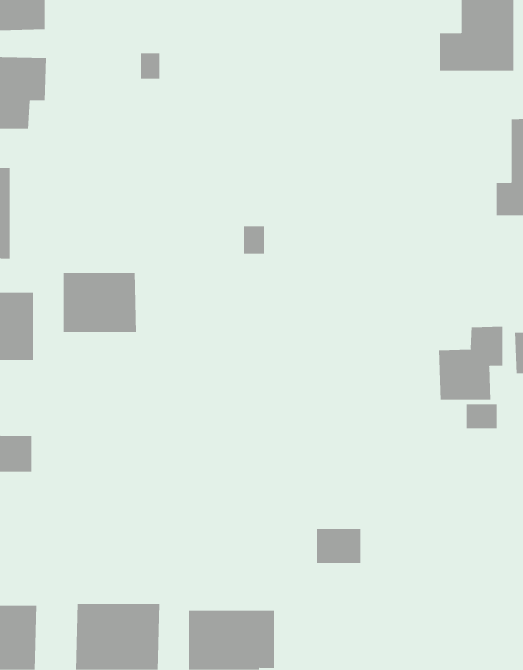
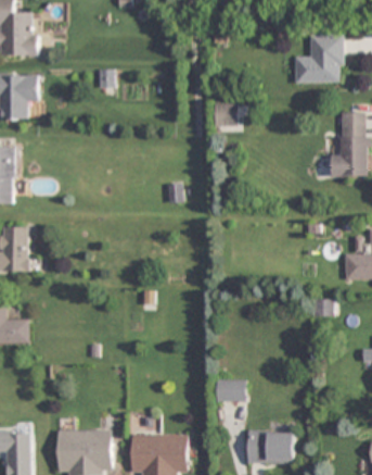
building: none -> [214,104,236,127]
building: [63,272,137,333] -> none
building: [438,326,503,400] -> none
building: none -> [246,432,295,464]

